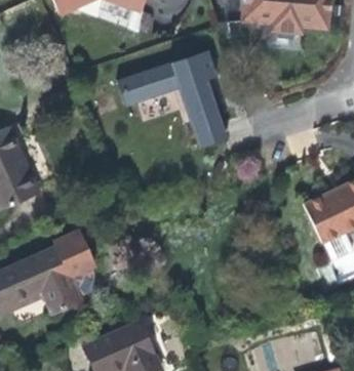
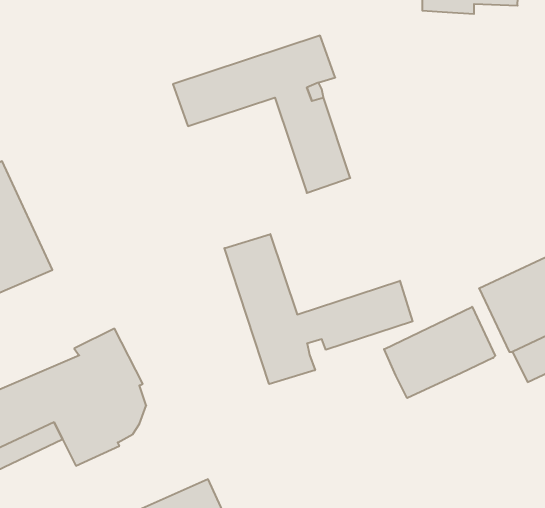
building: none -> [224,234,413,384]
building: none -> [384,307,495,398]

